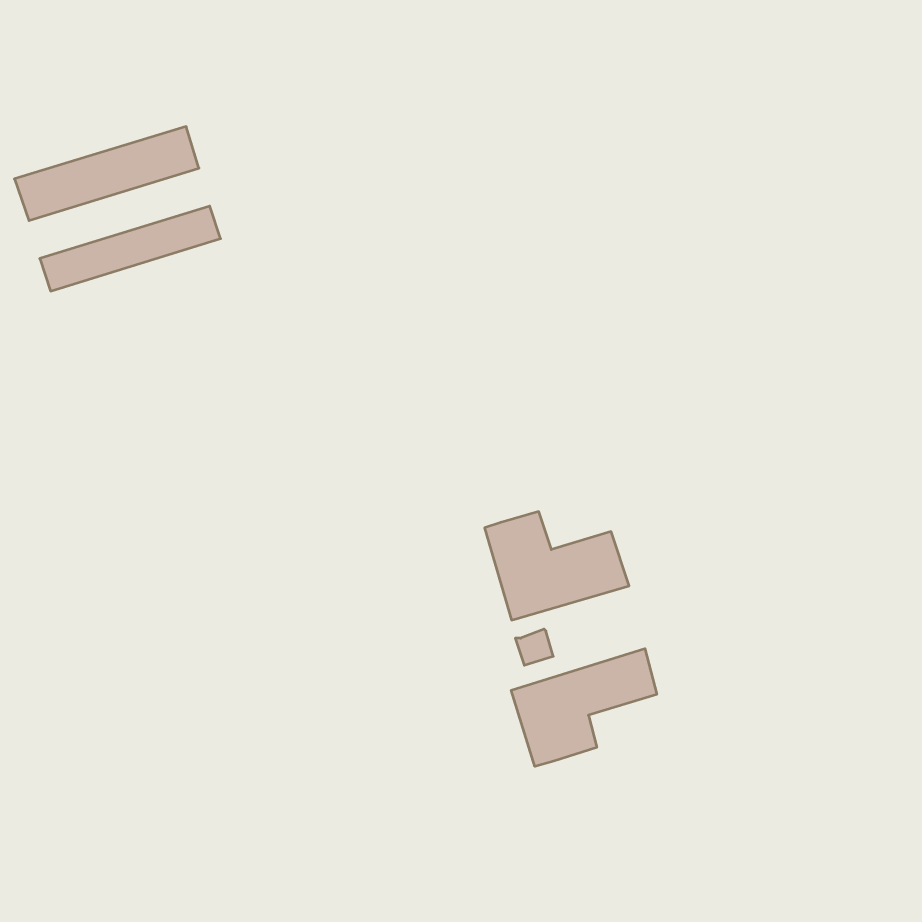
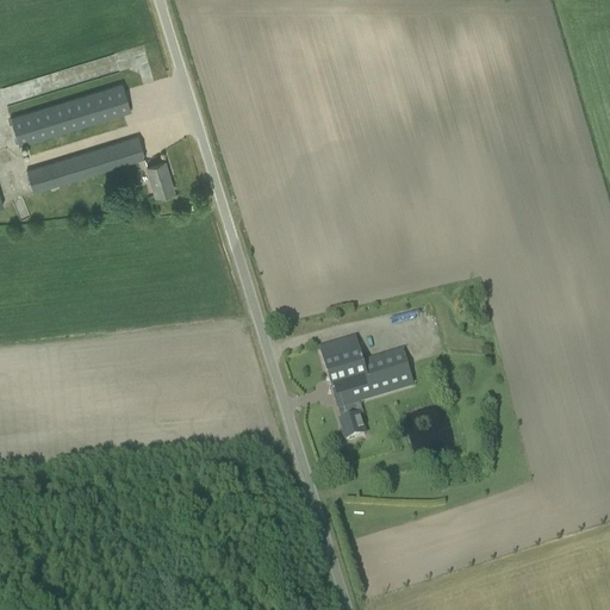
building: none -> [148,161,174,195]
building: [511,649,657,766] -> none

